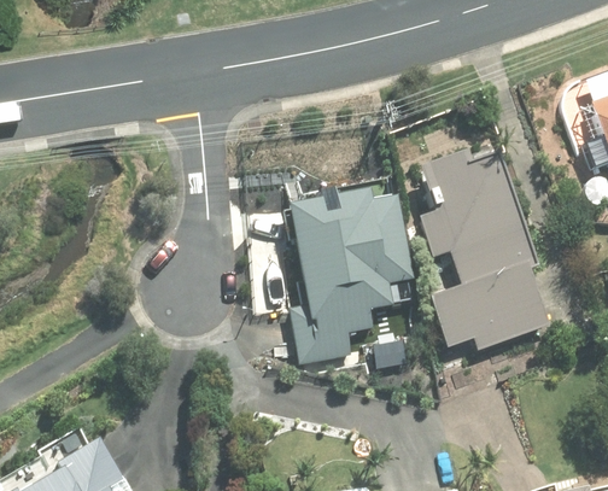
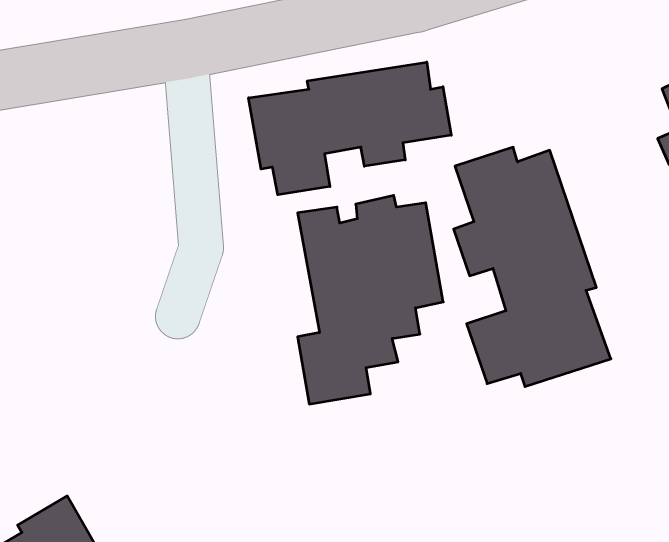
building: none -> [249,62,451,195]

